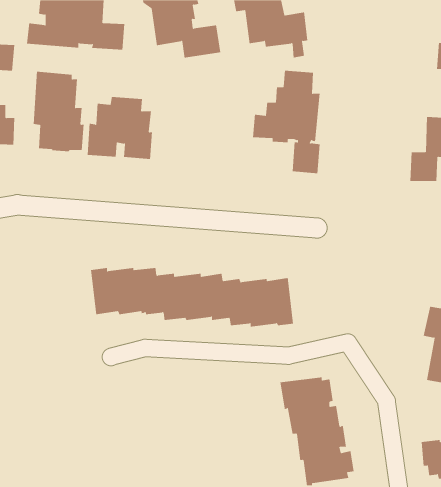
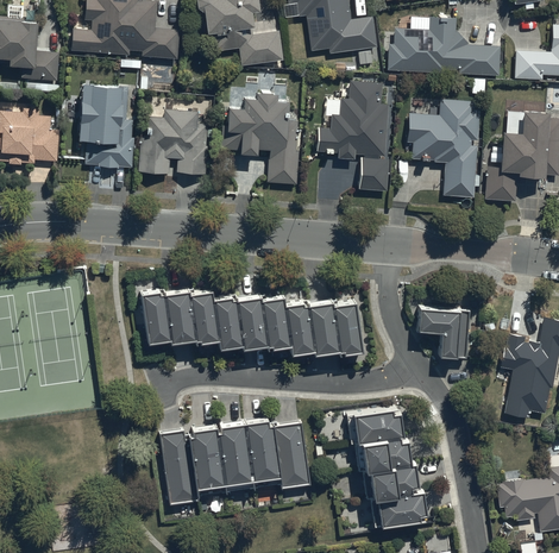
building: none -> [388,15,501,76]
building: none -> [220,89,299,184]
building: none -> [407,100,479,199]
building: none -> [417,308,469,360]
building: none -> [159,416,309,503]

